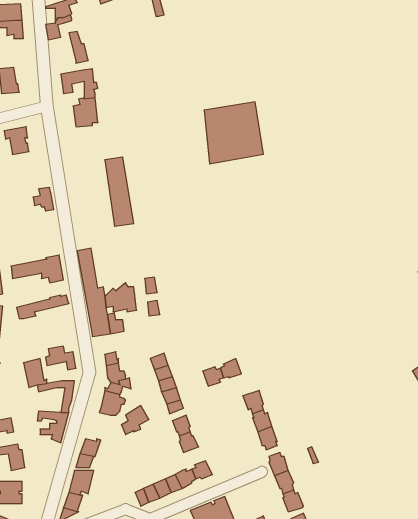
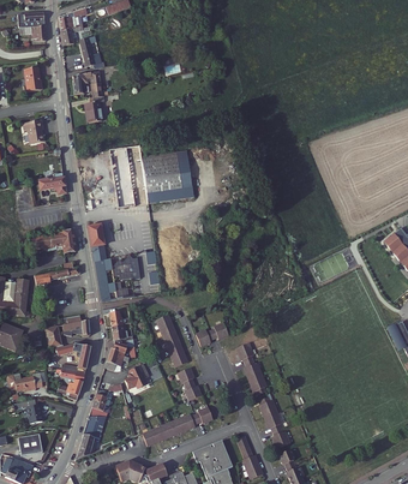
building: [204,102,263,164] -> [146,149,198,203]

